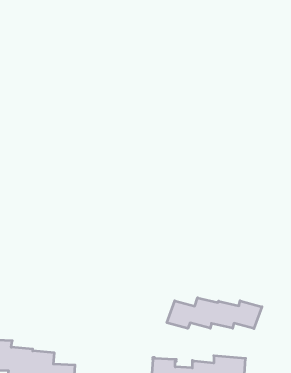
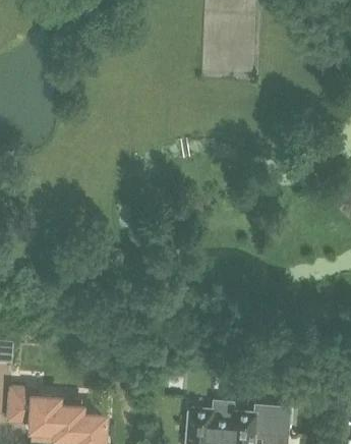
building: [167,298,262,329] -> none

